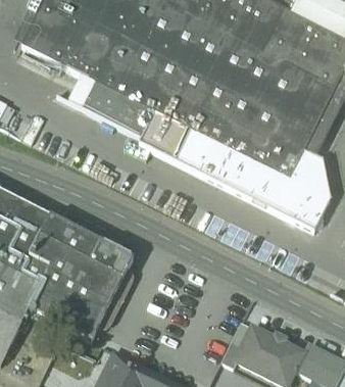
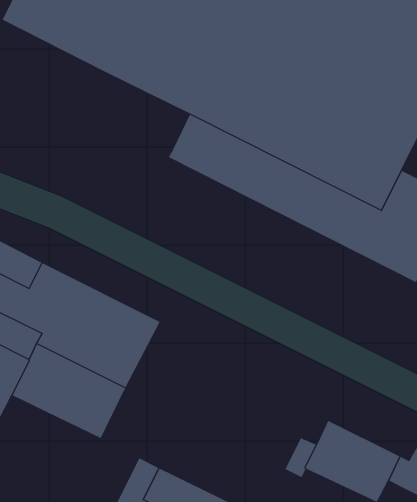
building: [82,81,154,136] -> none

